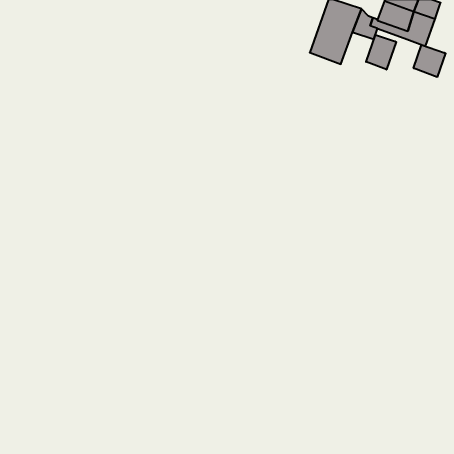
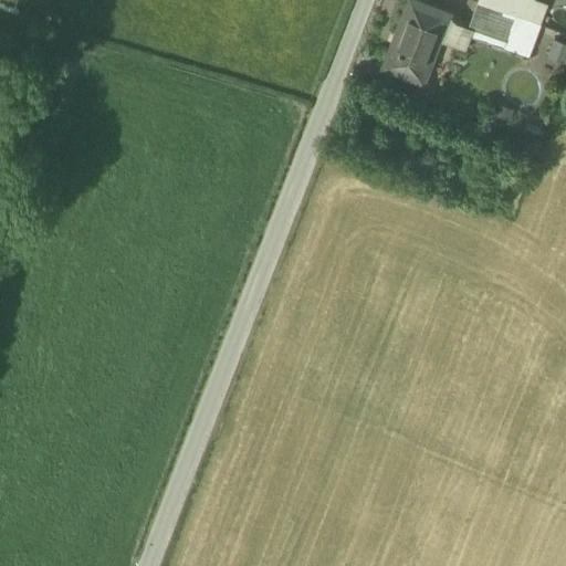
building: [366,35,396,70] -> none
building: [414,45,446,77] -> none

